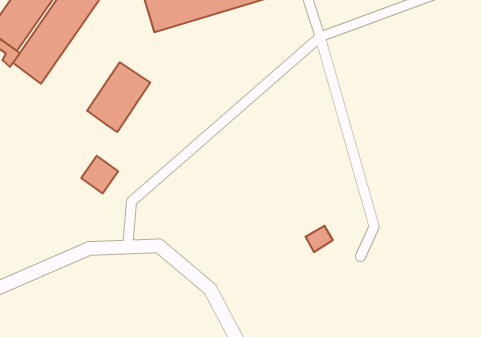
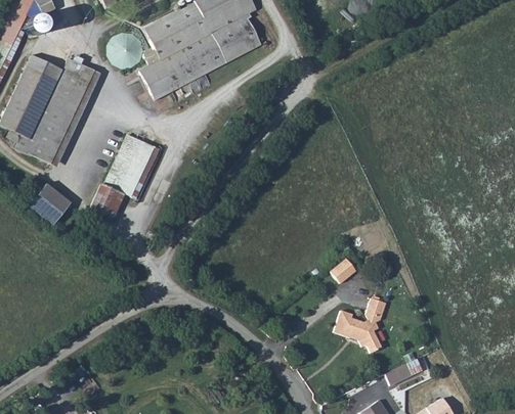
building: none -> [30,179,71,220]
building: [81,156,118,193] -> [90,182,124,217]
building: none -> [334,297,387,352]

